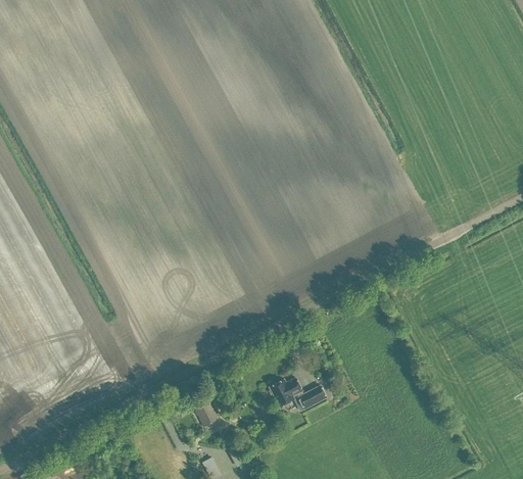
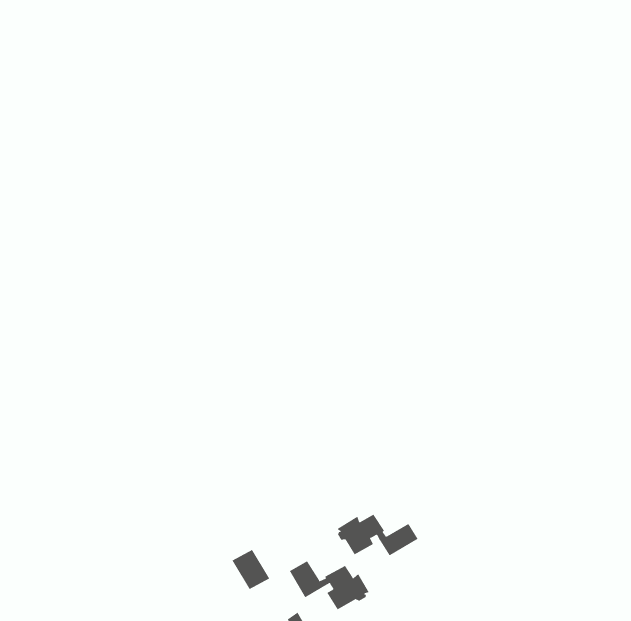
building: none -> [289,561,370,610]

